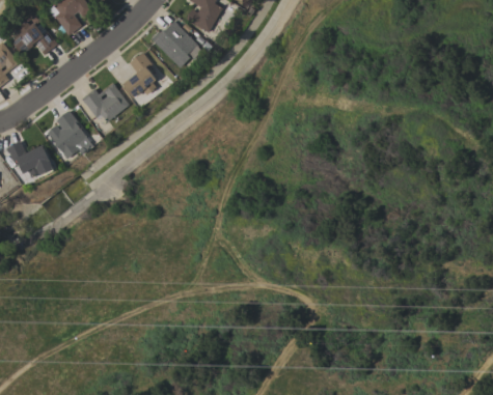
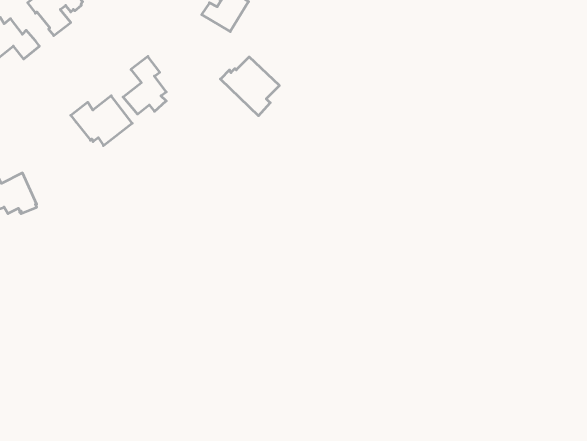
building: [150,21,197,67] -> [220,57,279,116]
building: [47,110,92,159] -> none

